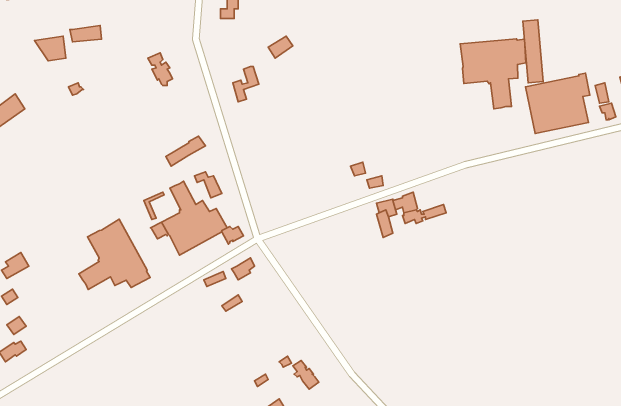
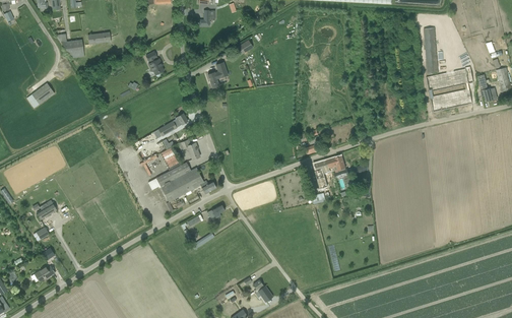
building: [460,39,526,109] -> none
building: [79,219,150,290] -> none

